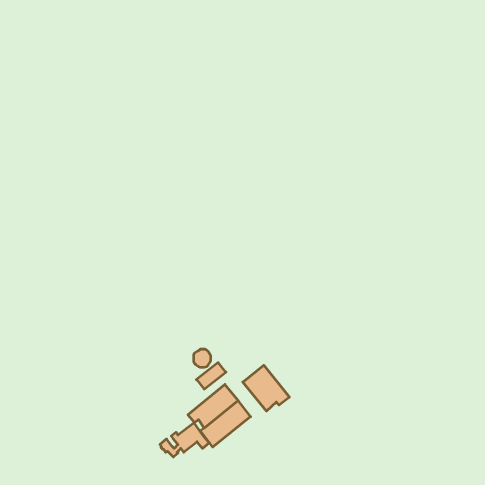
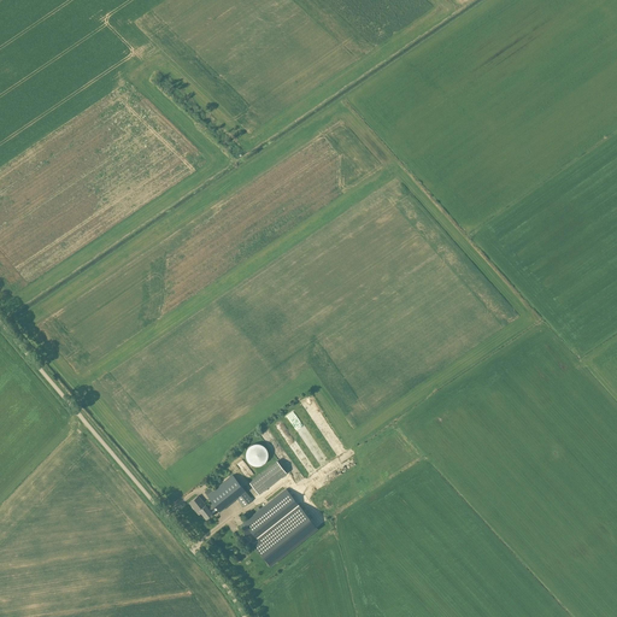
building: [243,365,289,411] -> none
building: [160,423,209,457] -> [189,475,252,518]

